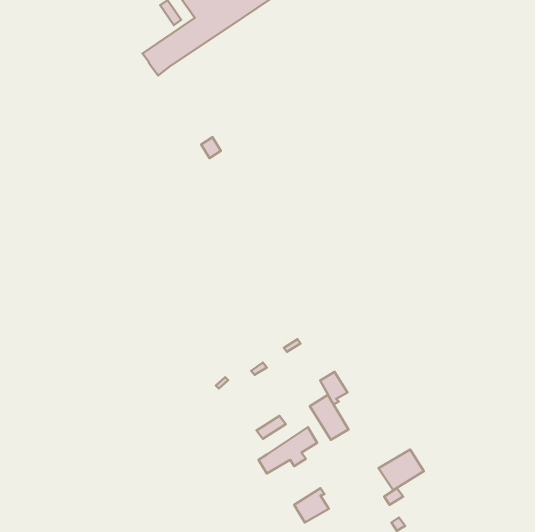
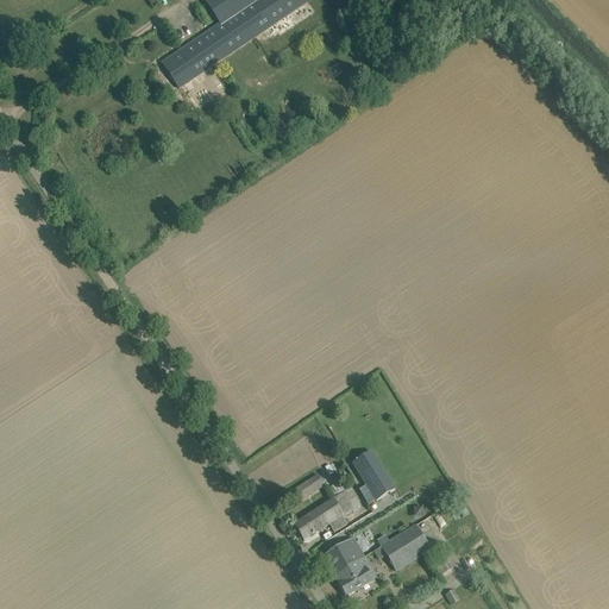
building: [320,372,347,404] -> none
building: [379,449,424,490] -> [379,522,431,569]
building: none -> [322,535,364,573]

